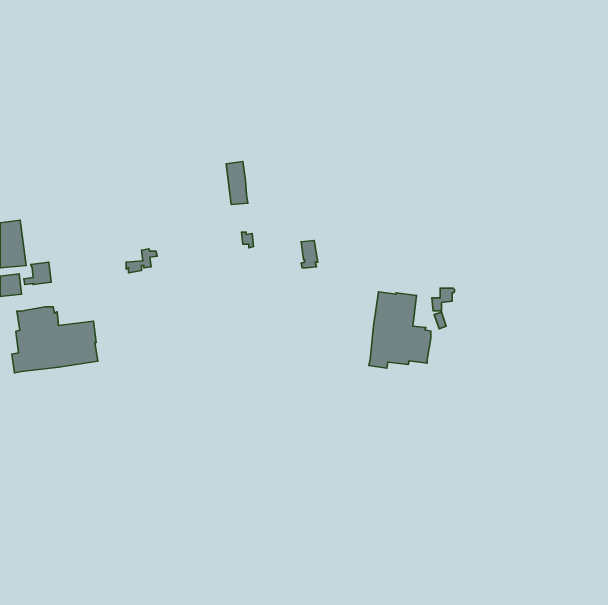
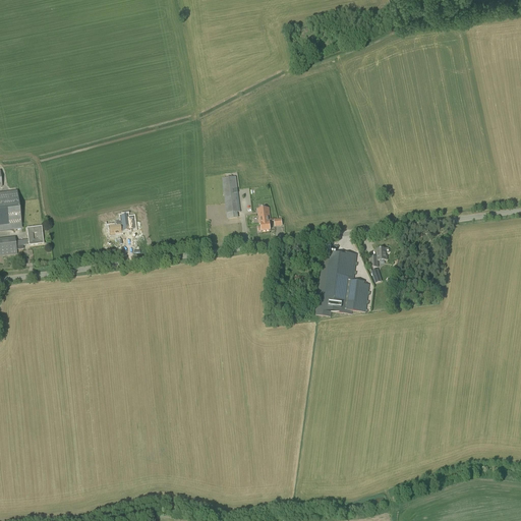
building: [226,162,248,204] -> [222,174,240,211]
building: [12,307,98,373] -> none

